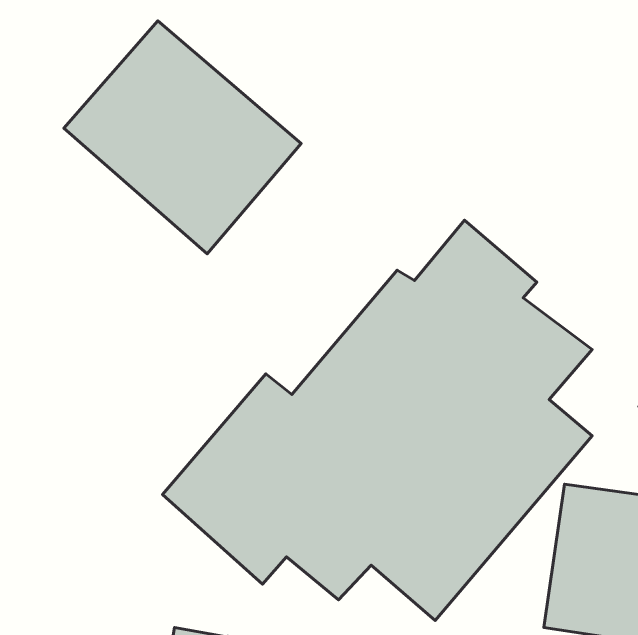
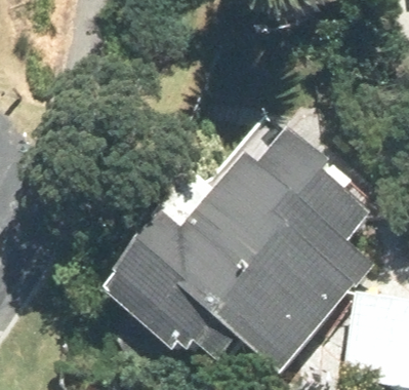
building: [64,21,301,254] -> none

